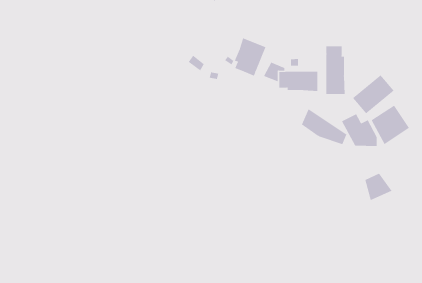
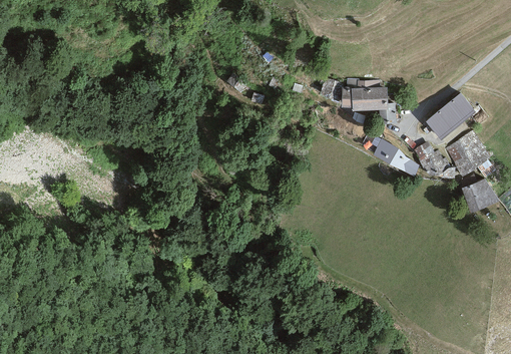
building: [234,37,266,76] -> none
building: [326,45,345,95] -> none
building: [364,173,392,201] -> [469,176,502,210]

